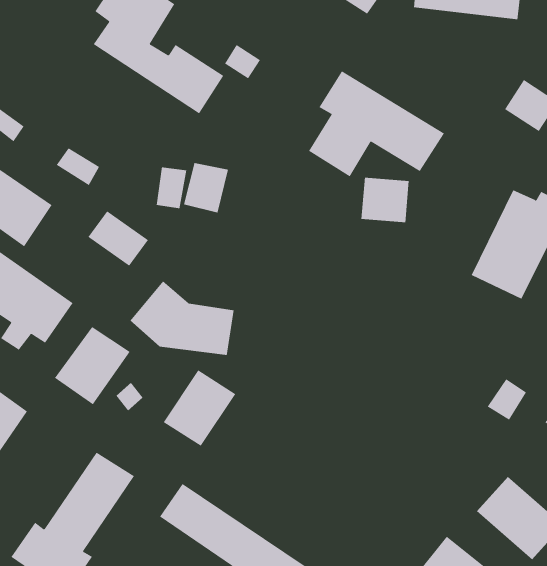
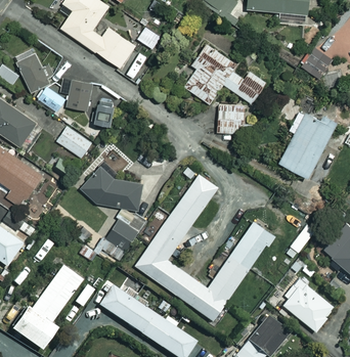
building: none -> [19,52,50,91]
building: [183,162,229,213] -> [68,81,94,110]
building: none -> [136,174,274,319]
building: [54,326,130,405] -> none

